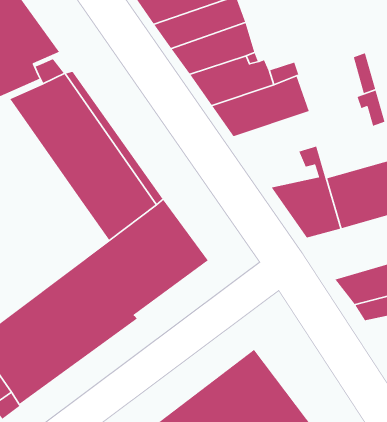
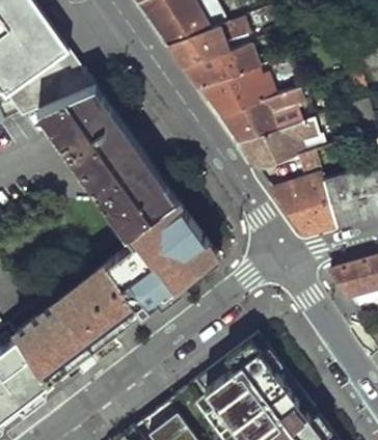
building: none -> [239,119,325,171]

